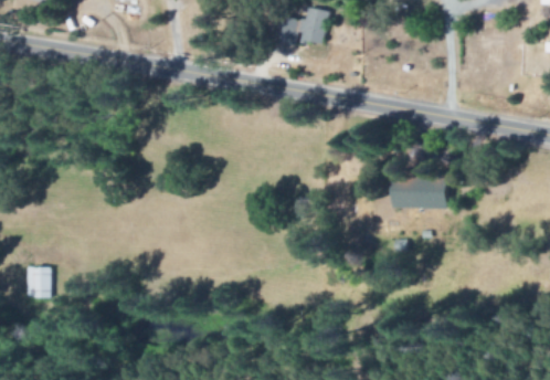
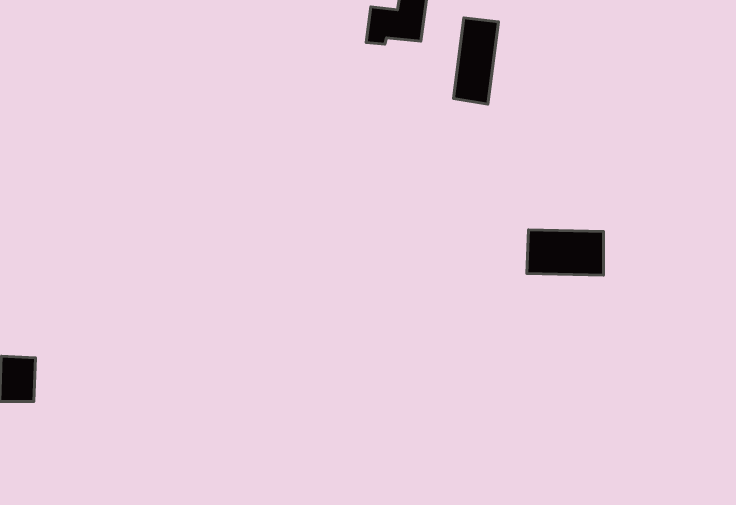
building: none -> [453,18,499,104]

